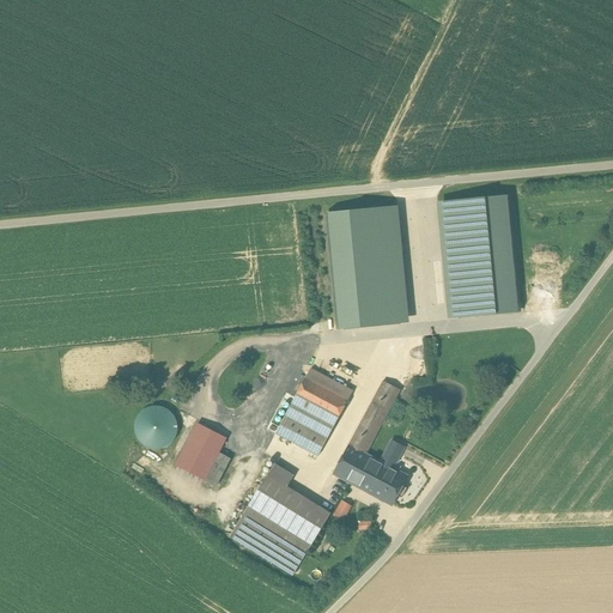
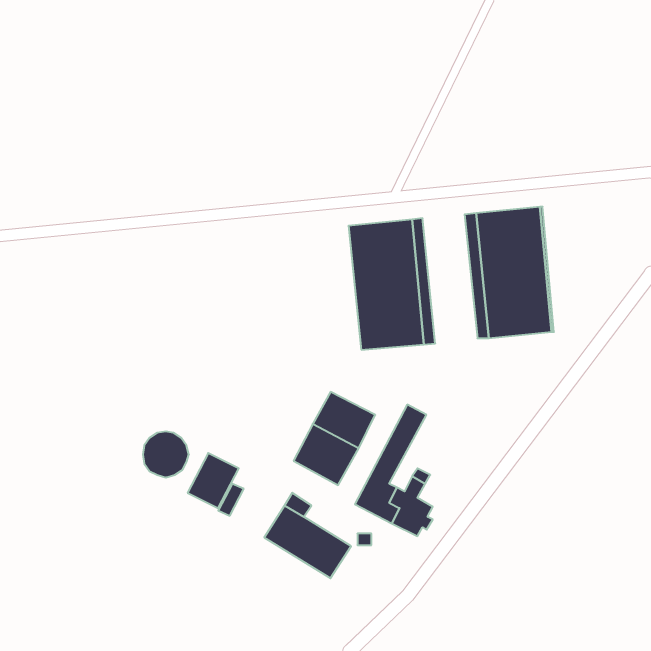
building: [230,504,310,573] -> none

